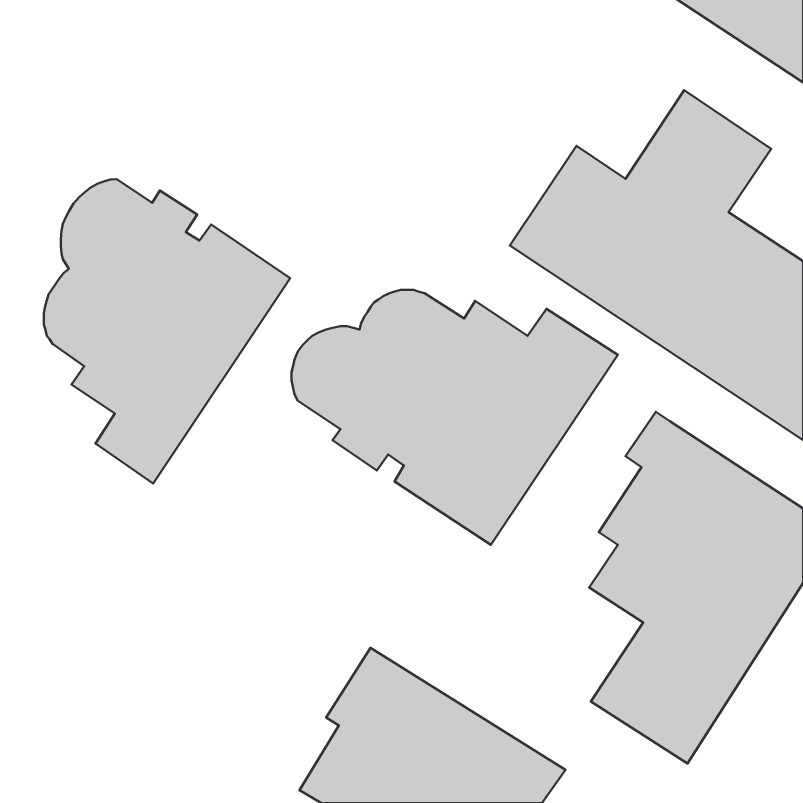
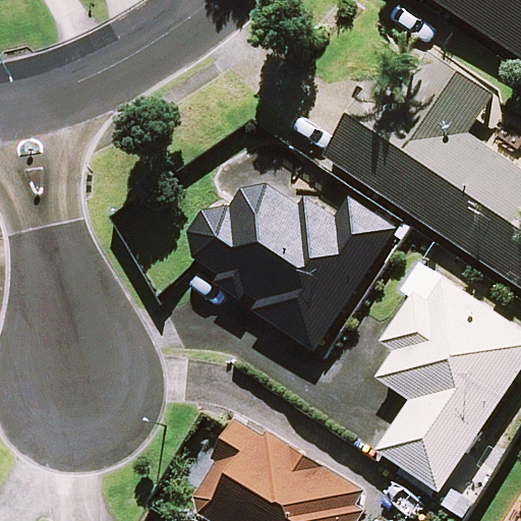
building: [44,179,290,484] -> none

